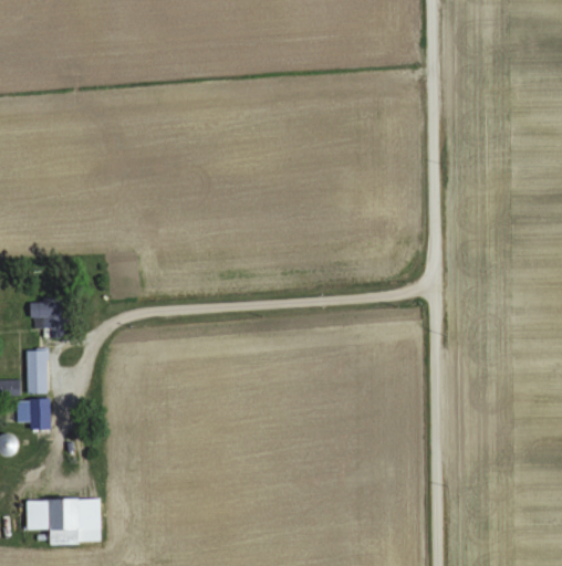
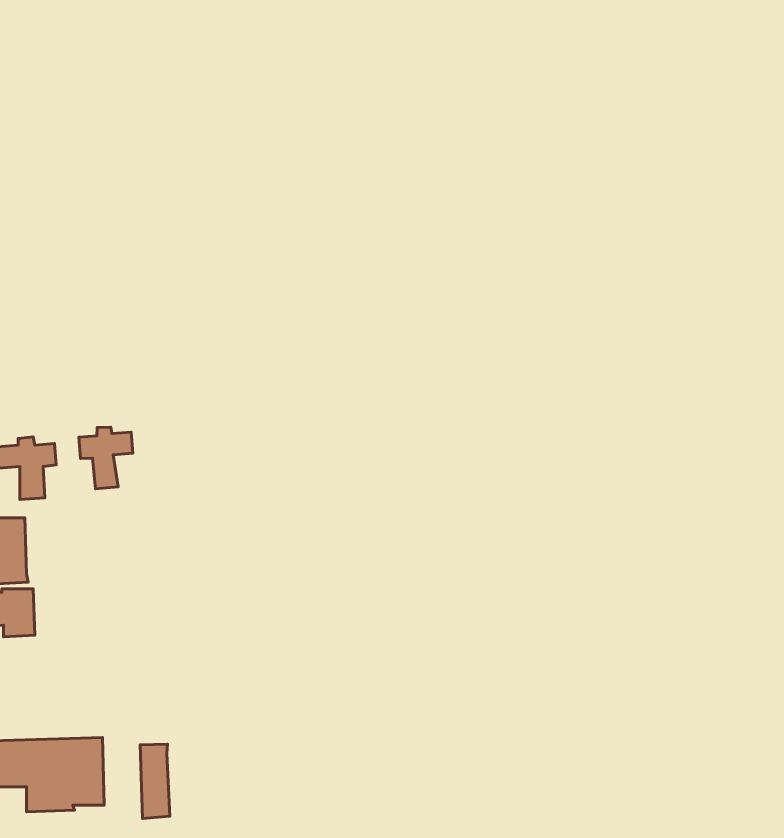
building: none -> [79,427,133,489]
building: none -> [140,744,170,819]

